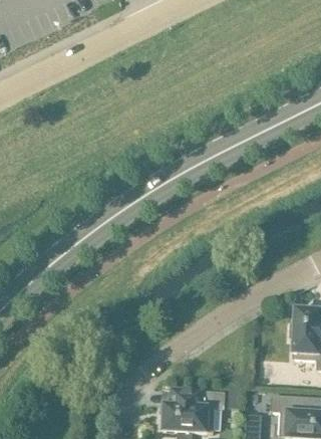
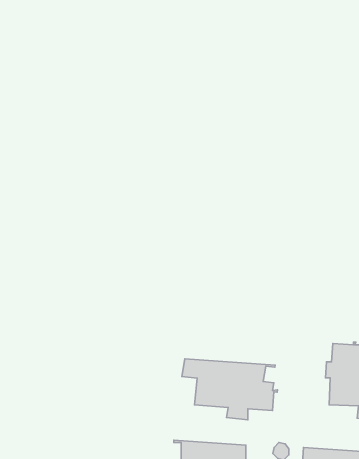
building: none -> [182,359,277,420]

